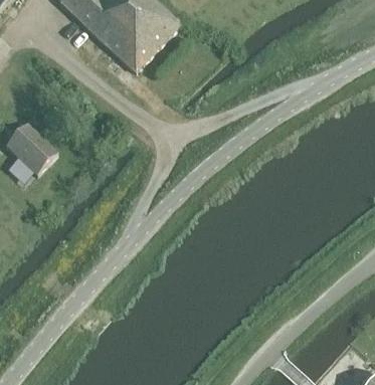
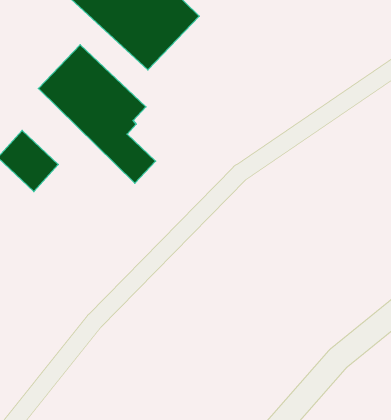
building: none -> [39,45,155,183]

